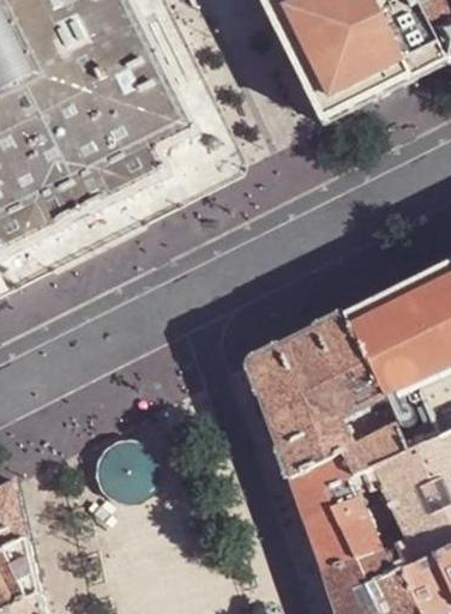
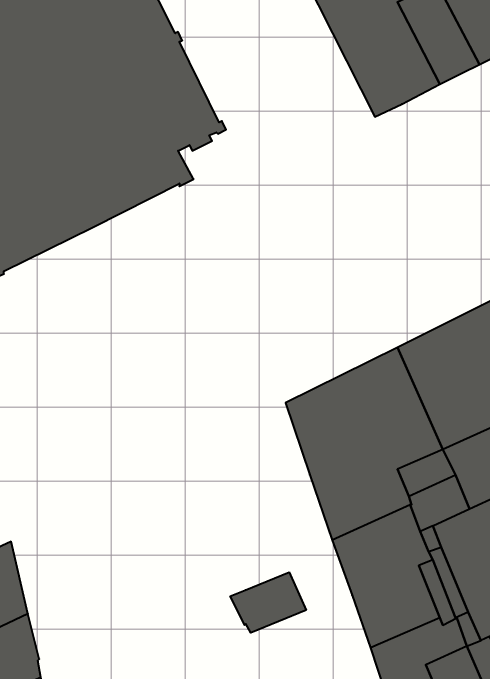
building: [88,432,151,495] -> none
building: none -> [230,572,306,633]

